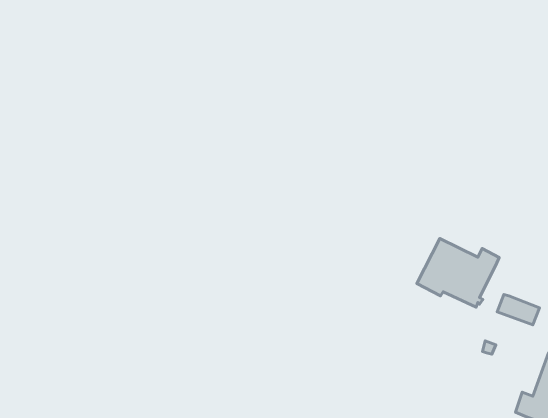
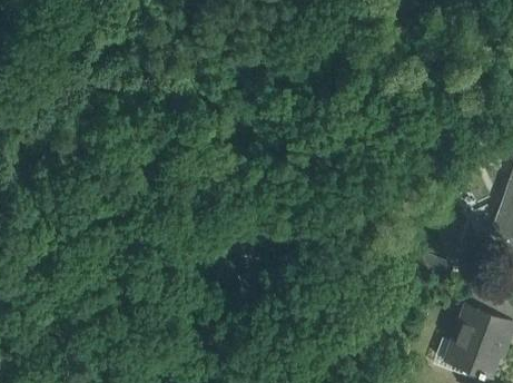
building: [417,239,499,307] -> none

